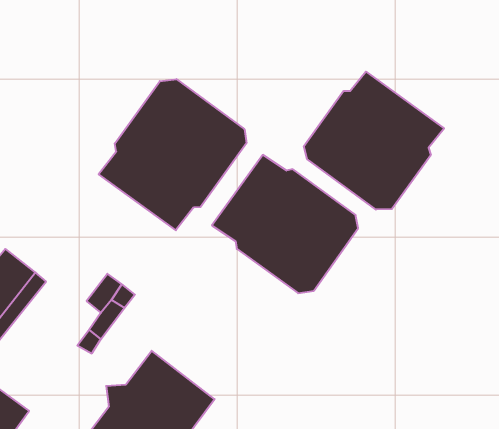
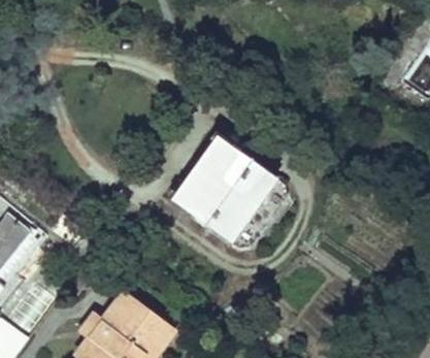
building: [304,72,444,210] -> none
building: [99,79,247,230] -> none

